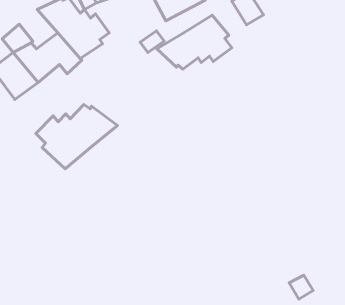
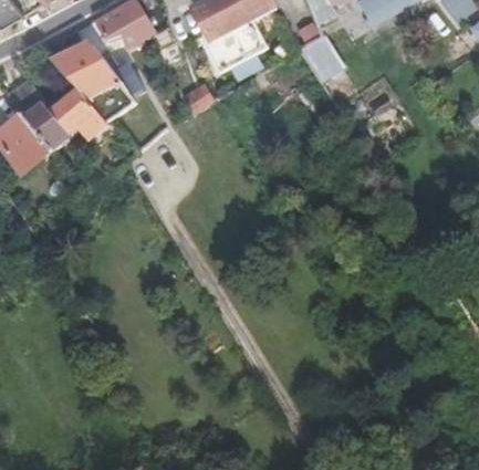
building: [157,15,232,69] -> none
building: [36,105,117,169] -> none

